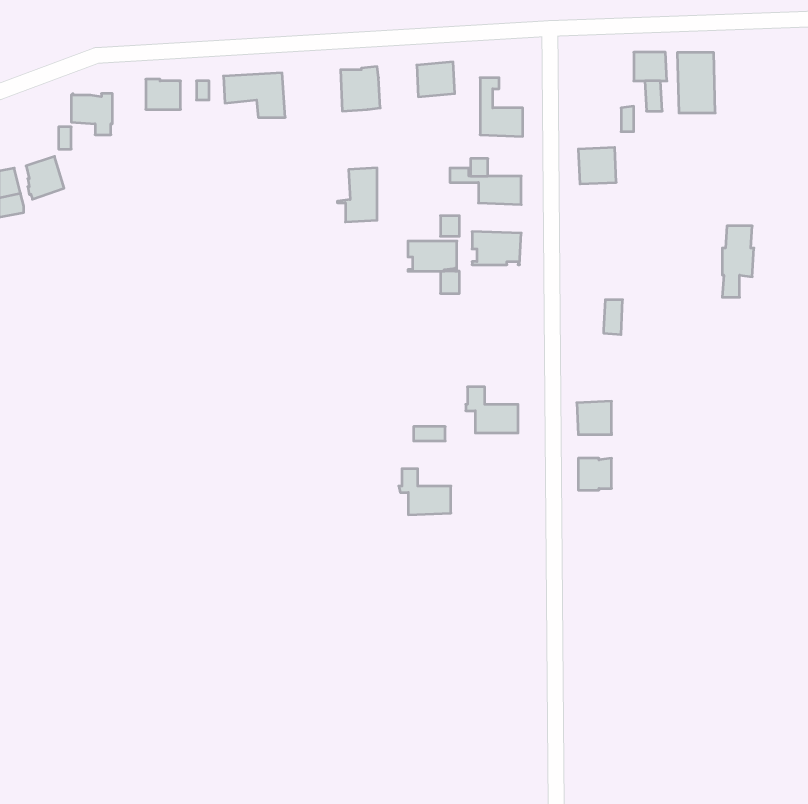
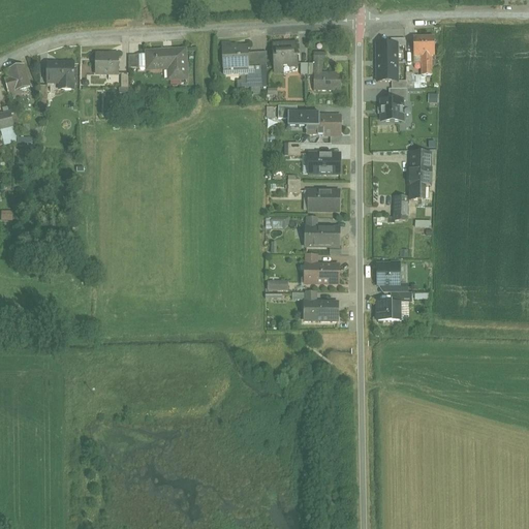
building: [677,53,715,113] -> [373,39,398,79]
building: [26,156,64,199] -> [4,62,29,90]
building: [337,168,377,222] -> [240,50,266,85]
building: [722,226,754,297] -> [409,151,430,197]
building: [408,241,457,271] -> [307,189,339,209]
building: none -> [304,215,338,245]
building: [399,469,451,515] -> [303,289,337,319]

